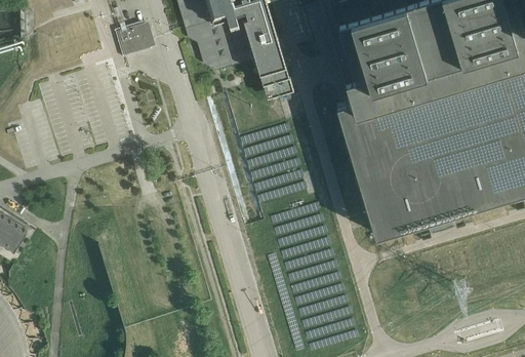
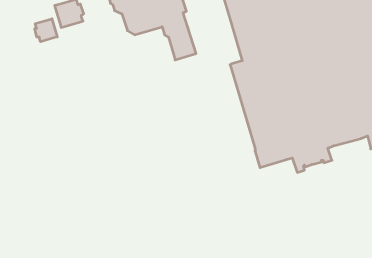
building: none -> [35,19,57,42]

